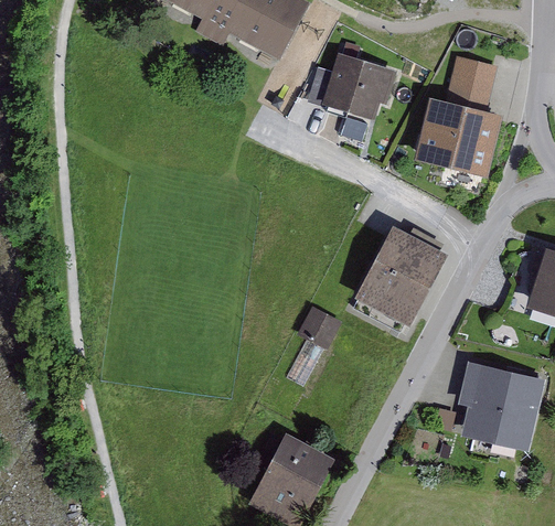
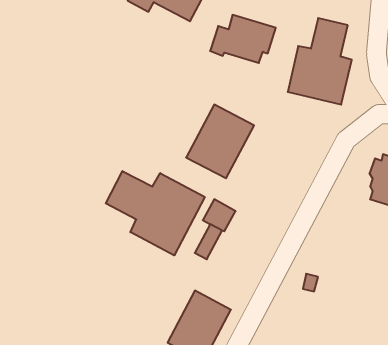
building: [354,223,448,324] -> [186,105,254,178]
building: none -> [106,171,205,255]
building: [458,361,545,451] -> none

